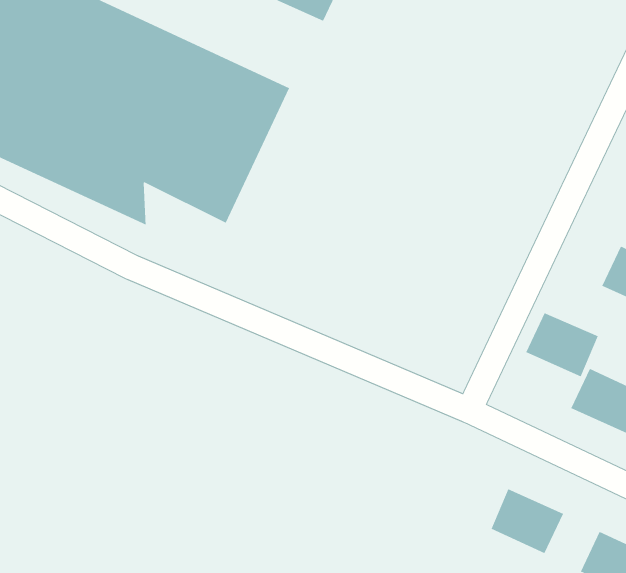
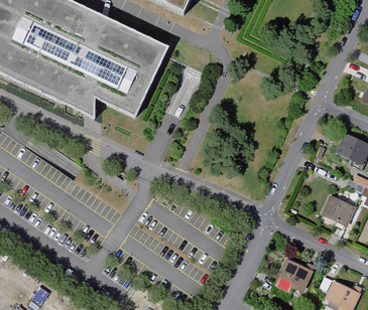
building: [525,312,599,378] -> none

